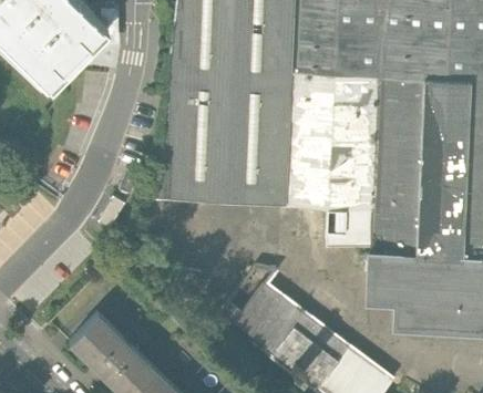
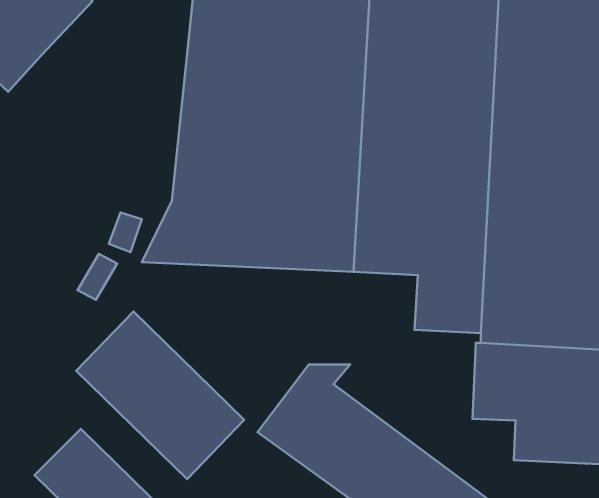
building: none -> [76,311,244,479]

